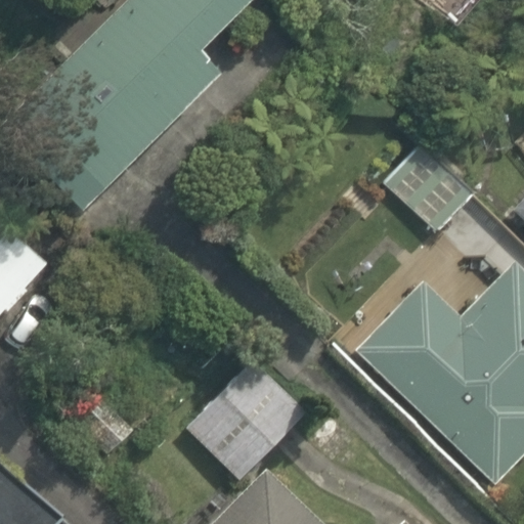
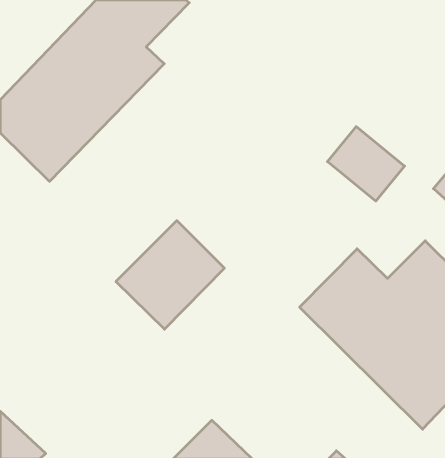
building: [186,354,310,478] -> [116,221,224,329]

